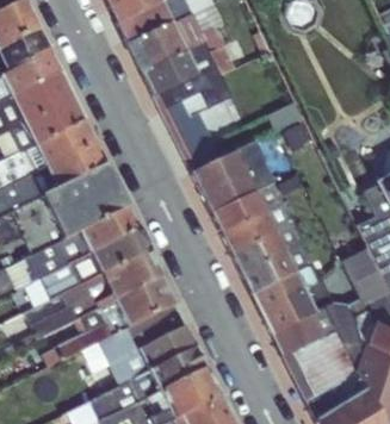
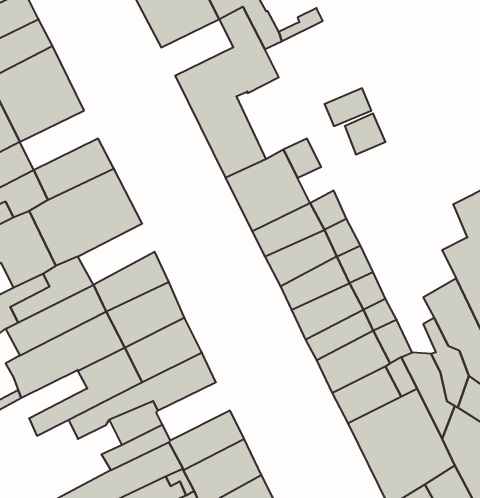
building: [143,51,198,94] -> none
building: [36,120,95,166] -> none
building: [80,206,138,252] -> none
building: [140,326,196,370] -> none

